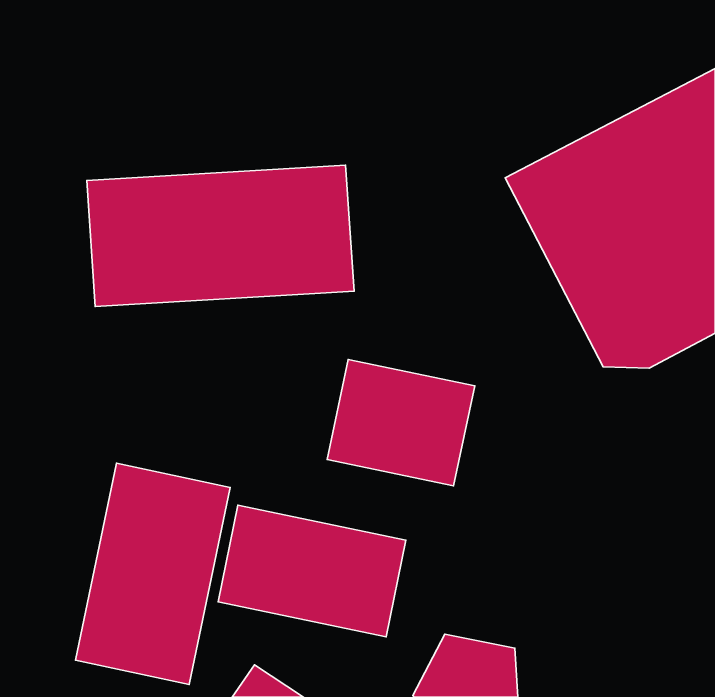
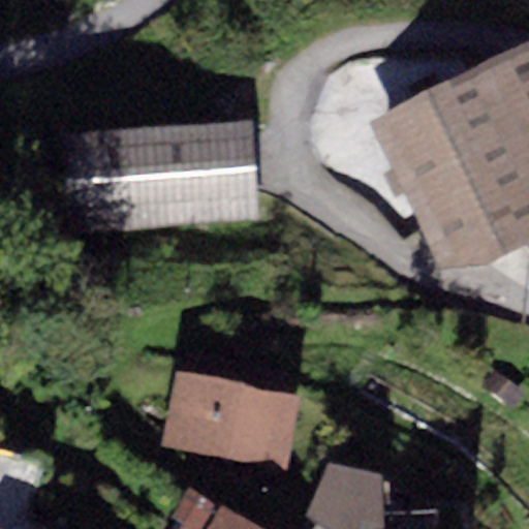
building: [327,360,475,486] -> none
building: [75,463,230,685] -> none

